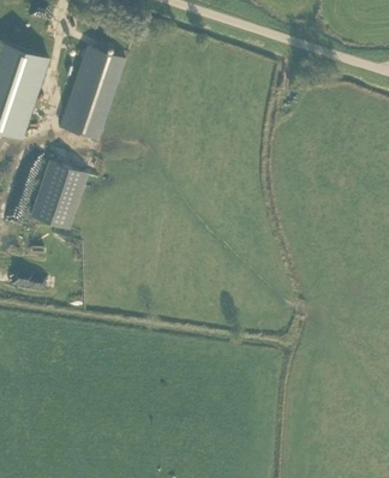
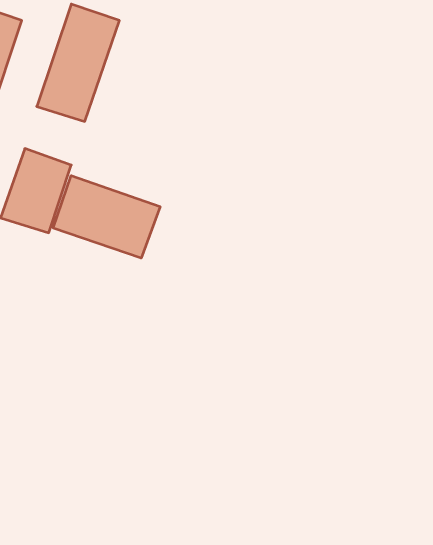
building: none -> [53,176,160,258]

